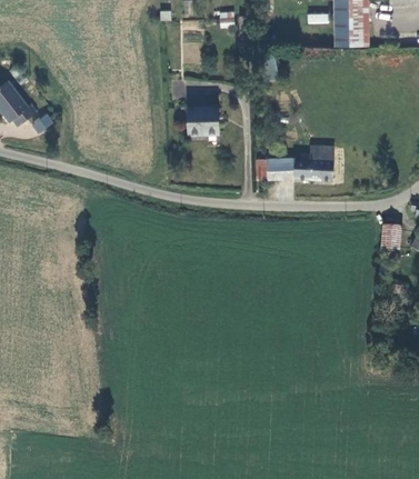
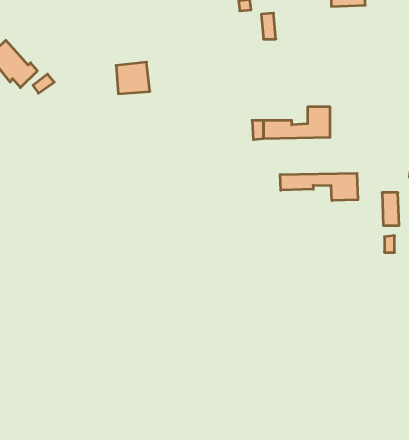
building: [186,107,219,138] -> [116,62,150,94]
building: none -> [280,173,358,201]

